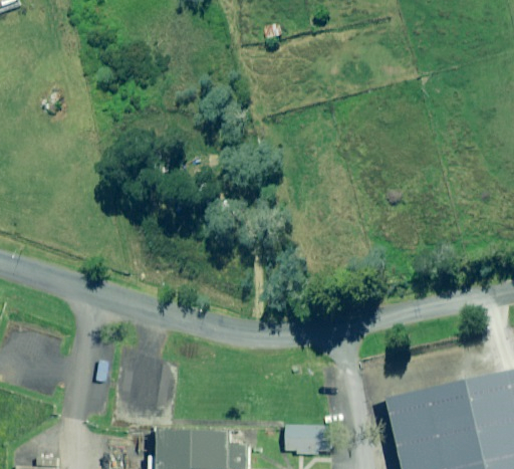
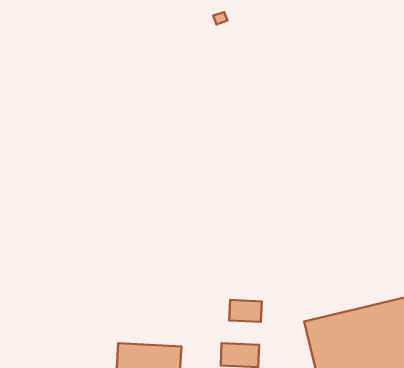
building: none -> [229,300,262,322]

